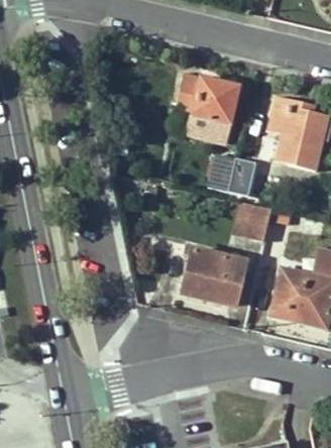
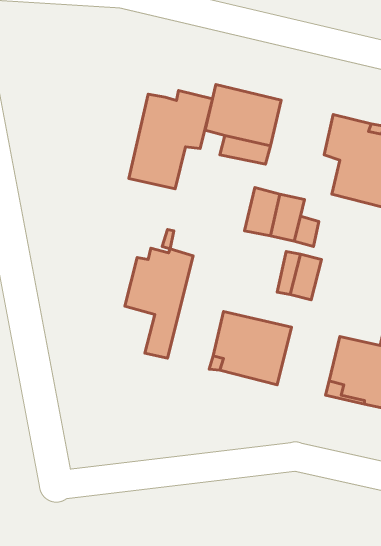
building: none -> [129,90,213,189]
building: none -> [125,248,193,358]

